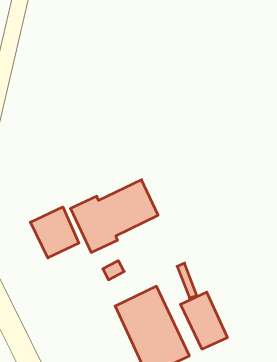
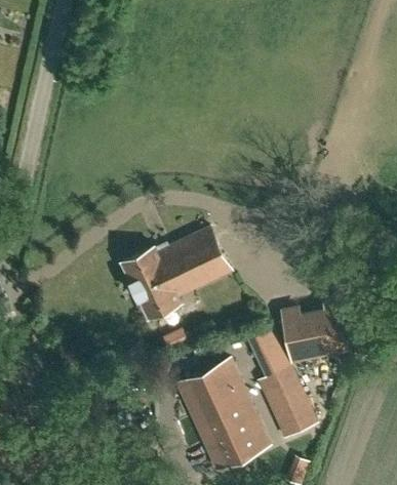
building: [30,207,79,258] -> none
building: none -> [283,299,357,360]

